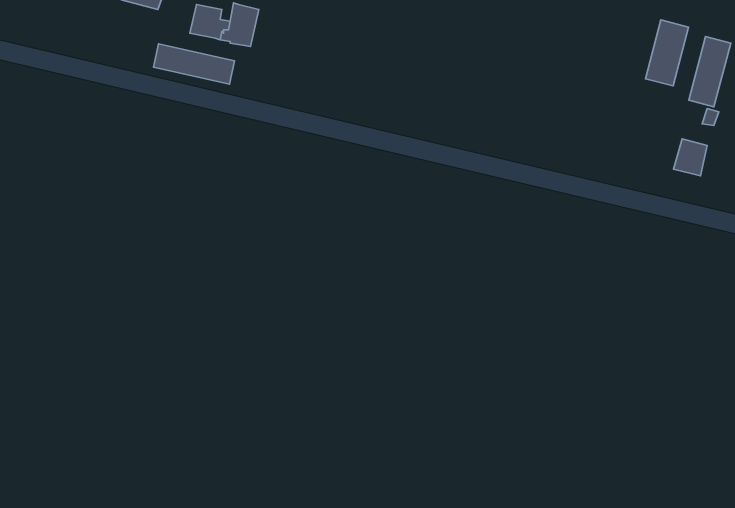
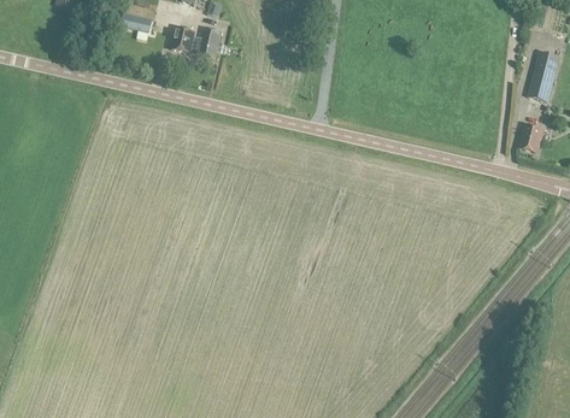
building: [645,20,688,86] -> none
building: [153,44,234,84] -> none

